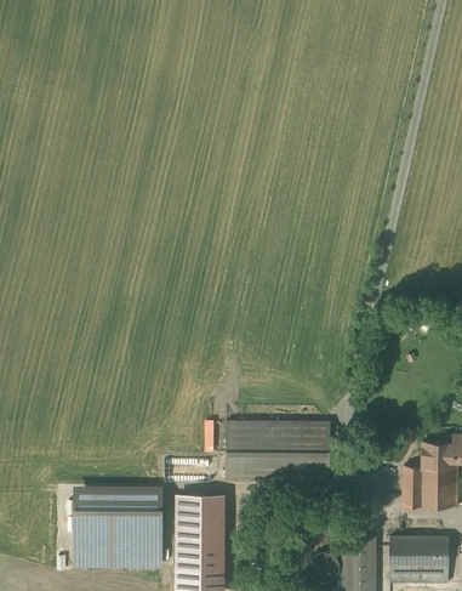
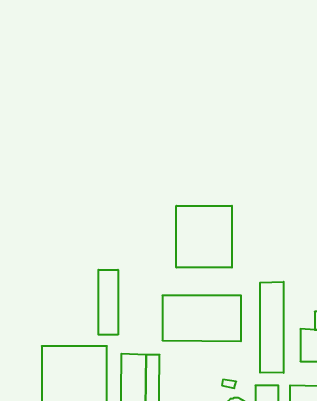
building: none -> [176,206,232,268]
building: none -> [98,270,118,335]
building: none -> [260,282,284,373]

